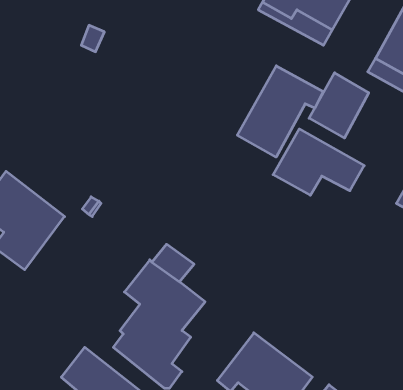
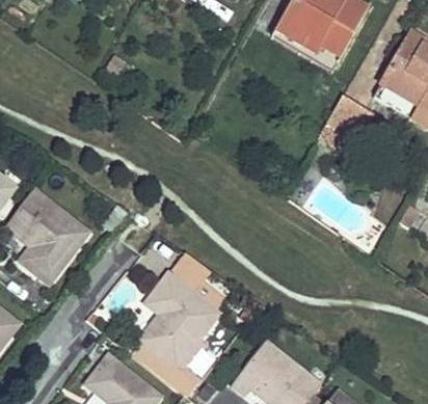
building: [237,66,323,157] -> none
building: [273,129,364,195] -> none

